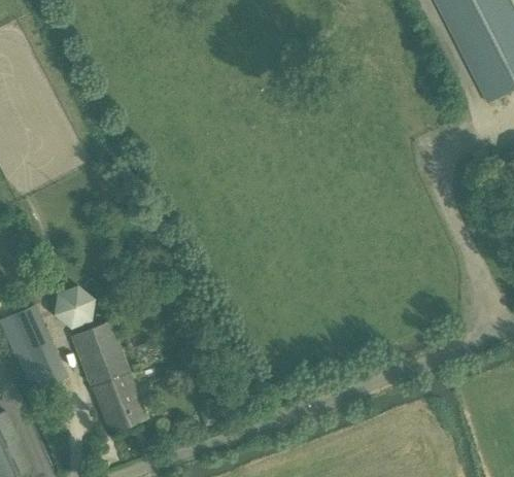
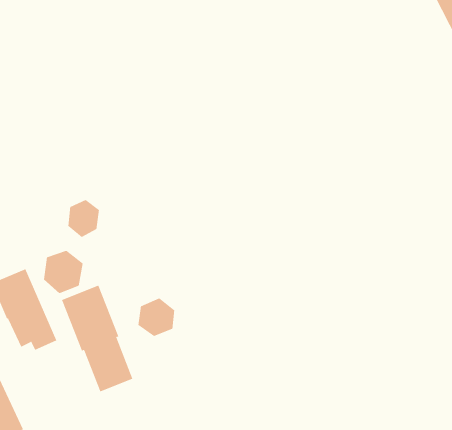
building: none -> [68,199,100,238]
building: none -> [138,298,175,337]

